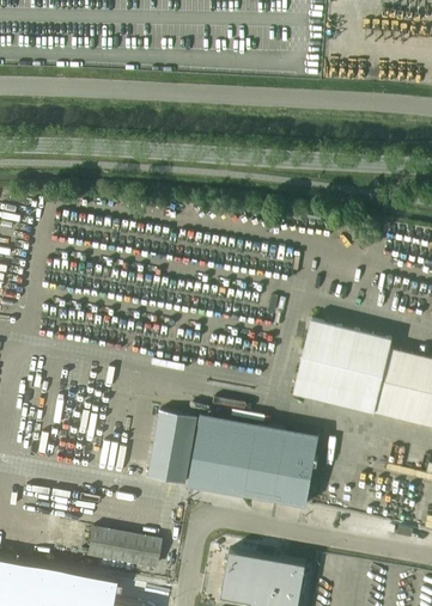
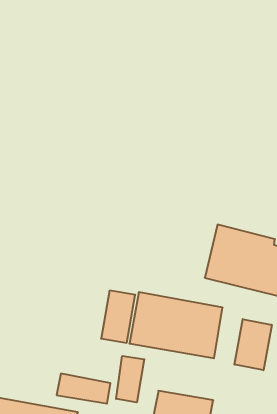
building: none -> [234,319,272,370]
building: none -> [116,356,144,402]

